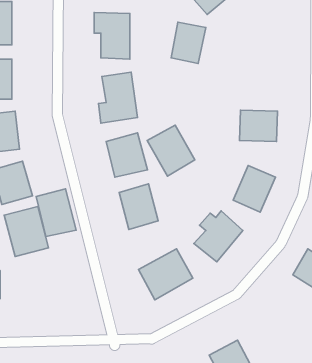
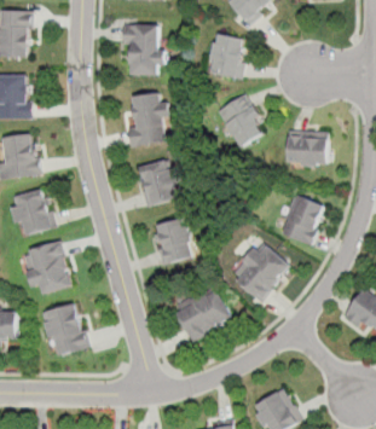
building: [147,125,195,176] -> [214,94,267,151]
building: [36,189,76,237] -> [42,302,87,355]

